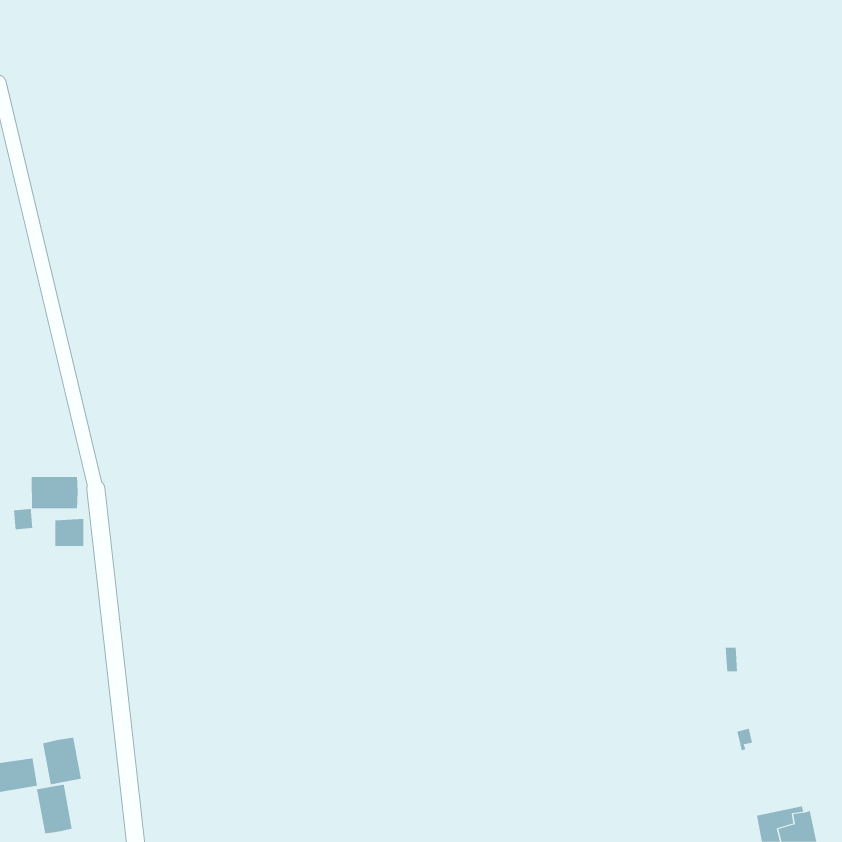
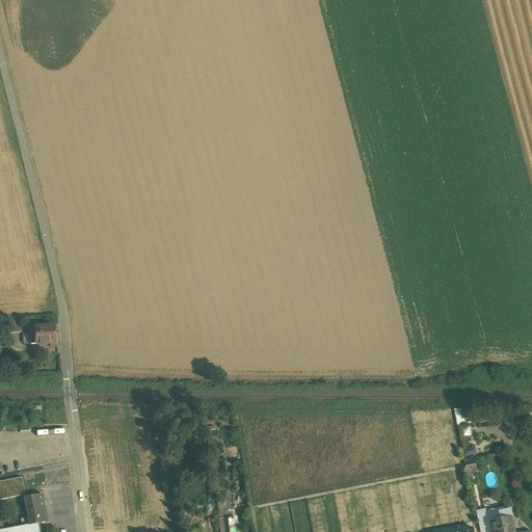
building: [31,476,78,509] -> none
building: [43,737,81,785] -> none

